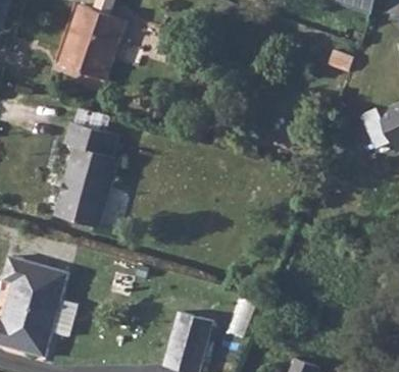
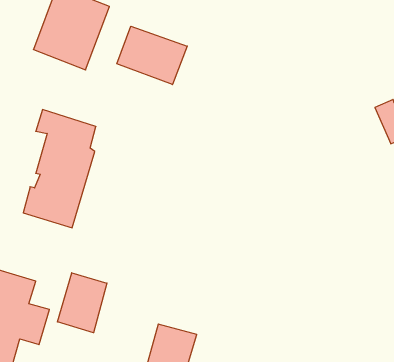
building: none -> [117,26,187,85]
building: none -> [57,273,107,333]

